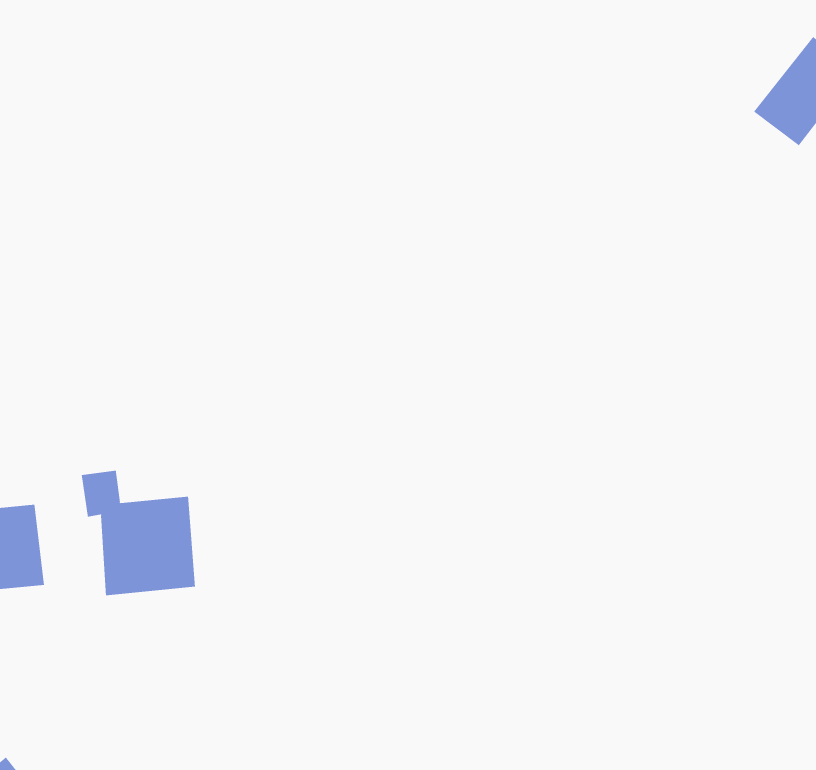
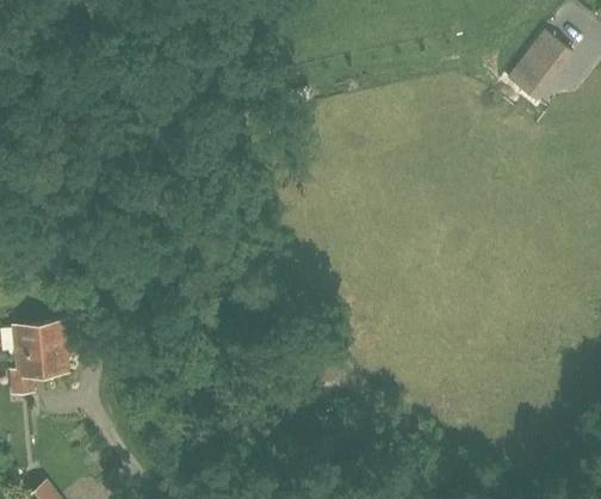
building: [81,470,195,596] -> none

